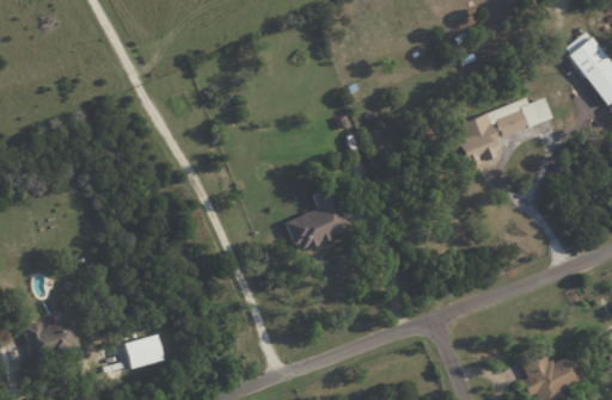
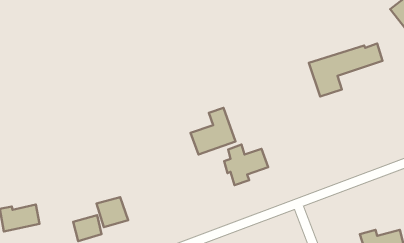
building: none -> [224,144,268,185]
building: none -> [97,197,128,227]

